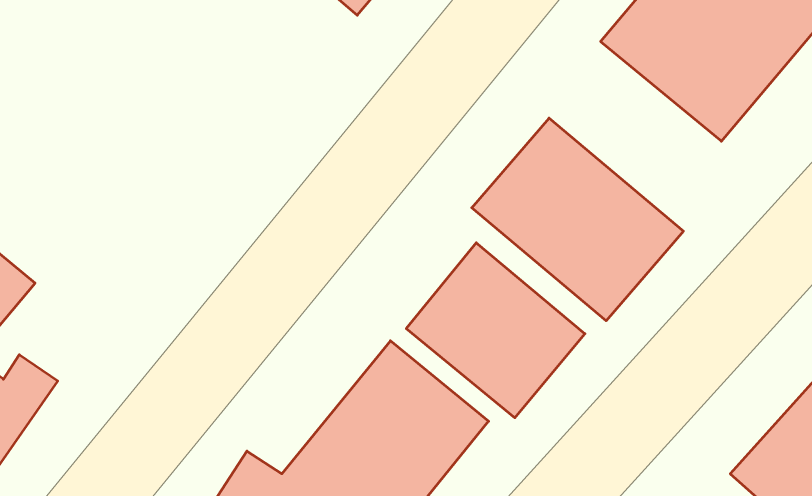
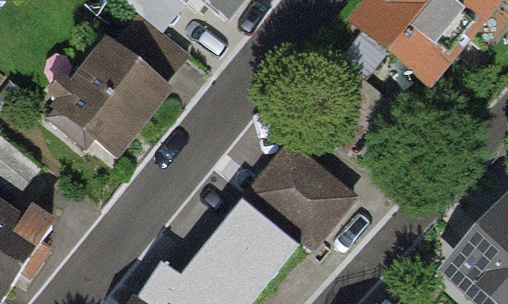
building: none -> [50,38,170,151]
building: [472,118,683,321] -> none

